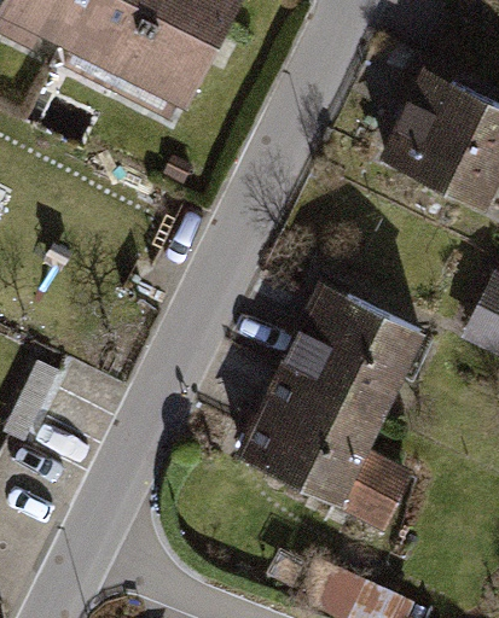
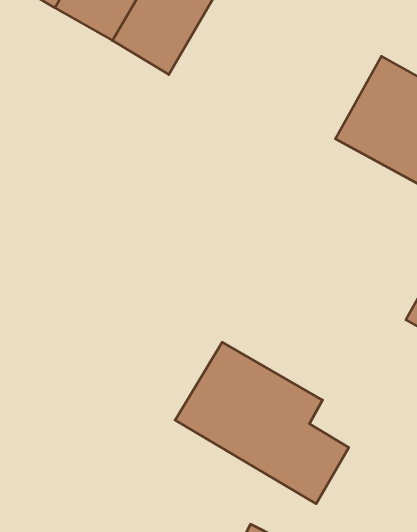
building: [272,282,423,425] -> none

